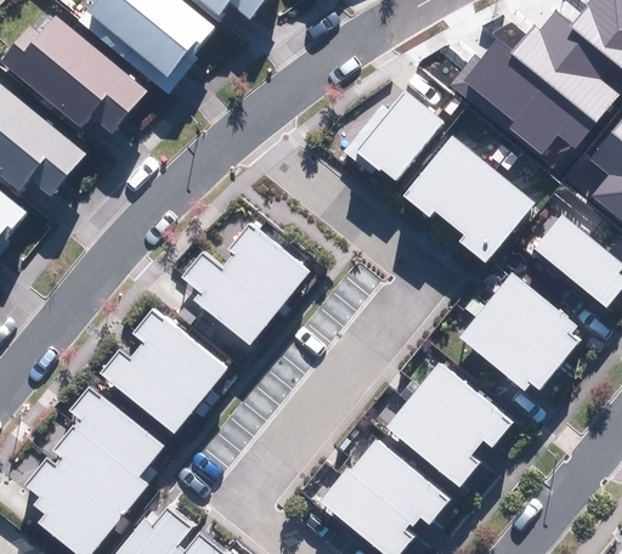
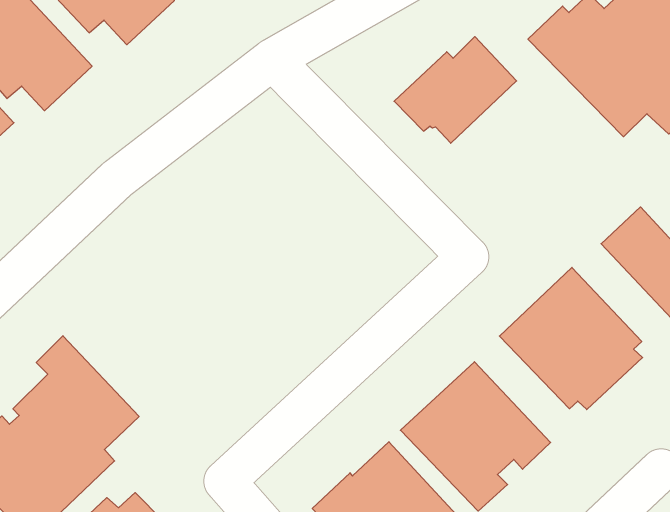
building: [402,135,536,264] -> none
building: [183,224,310,344] -> none
building: [98,306,226,431] -> none

